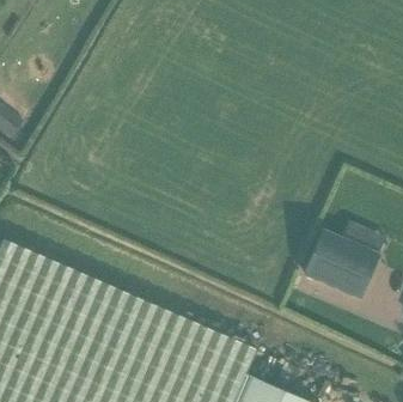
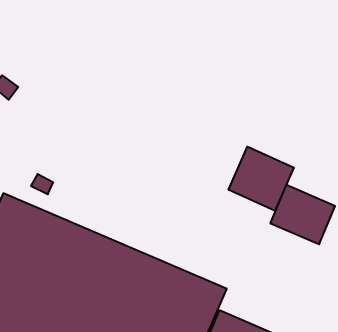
building: none -> [229,147,294,211]

